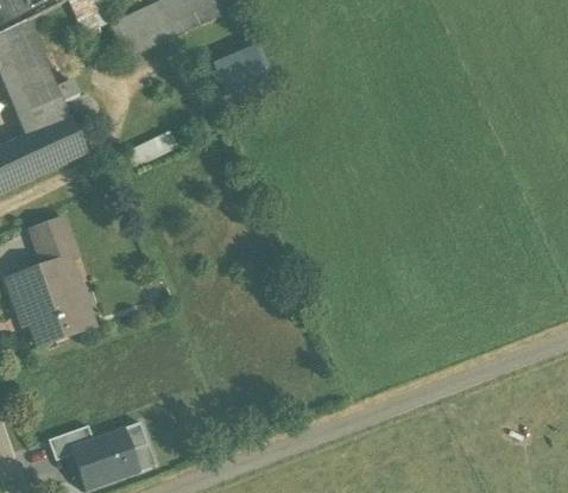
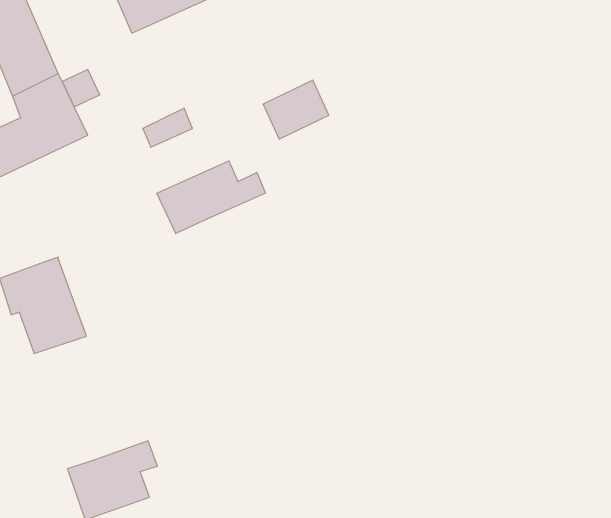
building: [215,40,273,93] -> [263,80,329,139]
building: none -> [157,161,265,234]
building: [30,217,75,265] -> none
building: [48,425,93,460] -> none

